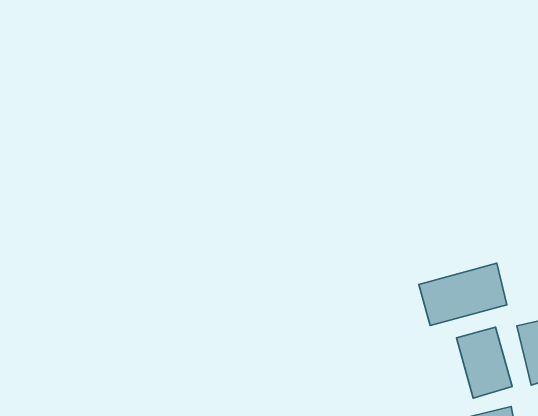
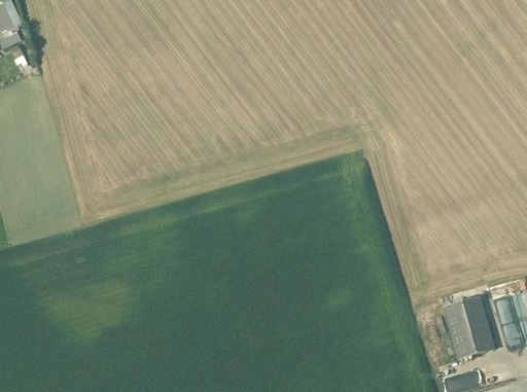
building: [419,263,507,326] -> none

